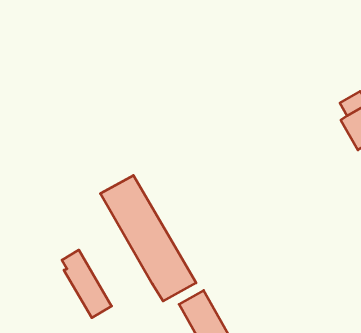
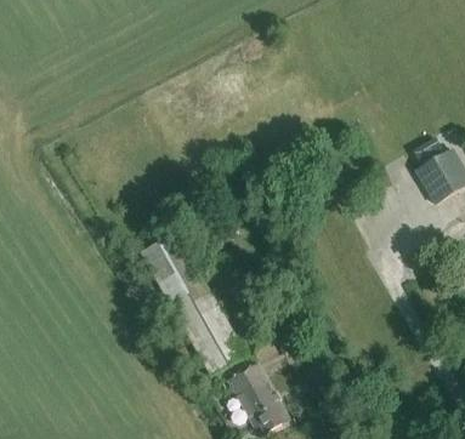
building: [62,250,112,318] -> none

